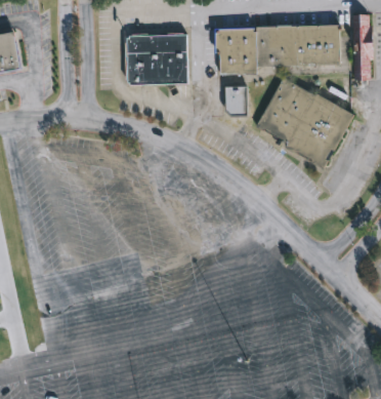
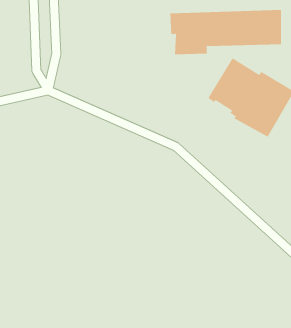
building: [126,35,187,85] -> none
building: [225,87,248,115] -> none

